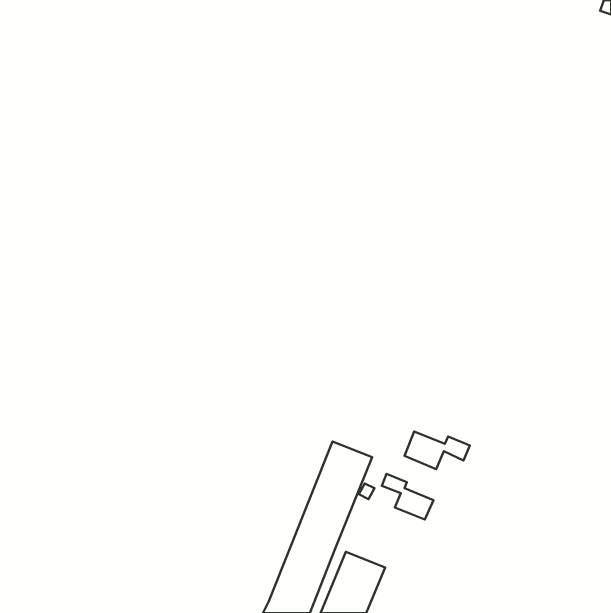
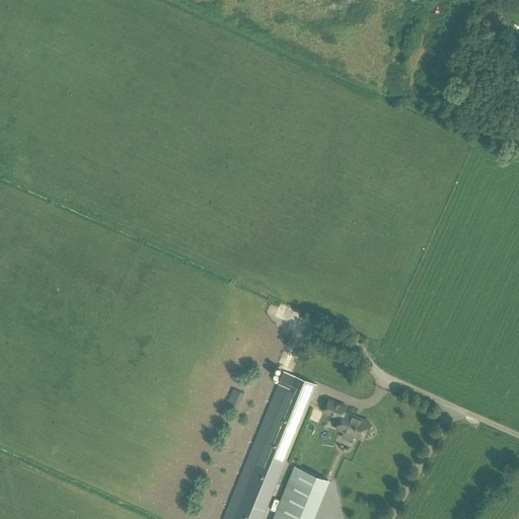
building: [405,431,470,469] -> none

